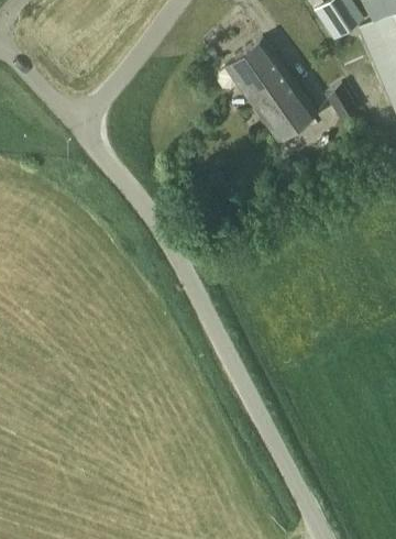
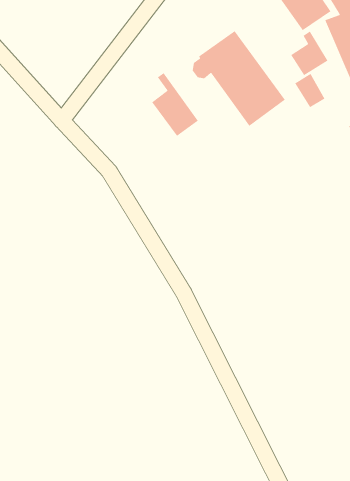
building: none -> [290,31,329,76]
building: none -> [151,72,199,137]

